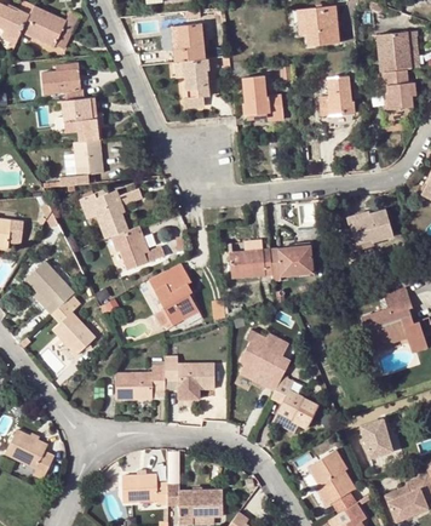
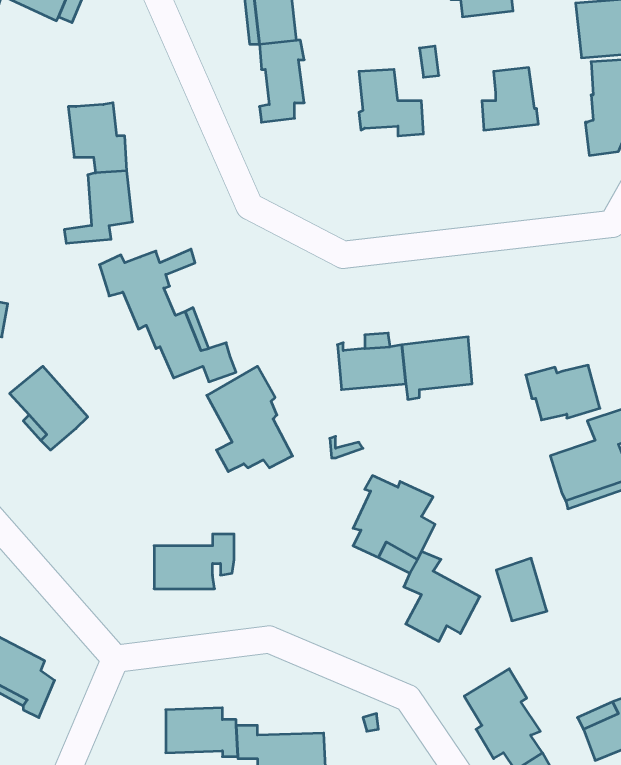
building: [42,70,84,101] -> none
building: [346,210,392,244] -> [526,365,600,420]
building: [51,301,94,355] -> none
building: [165,356,214,399] -> none
building: [360,418,391,457] -> [496,558,547,621]

